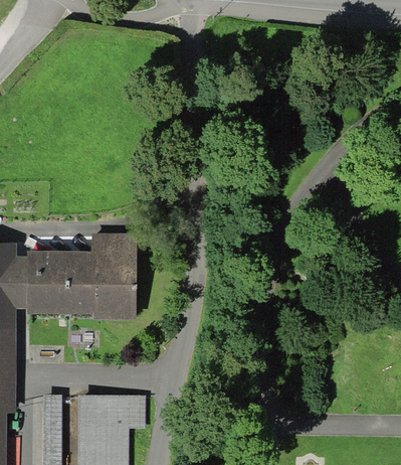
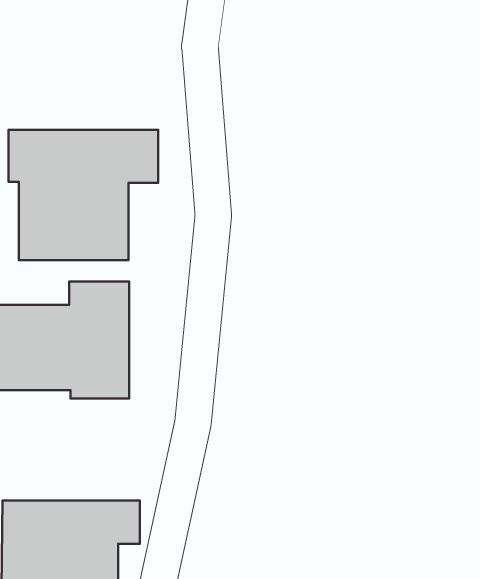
building: none -> [8,130,158,260]

